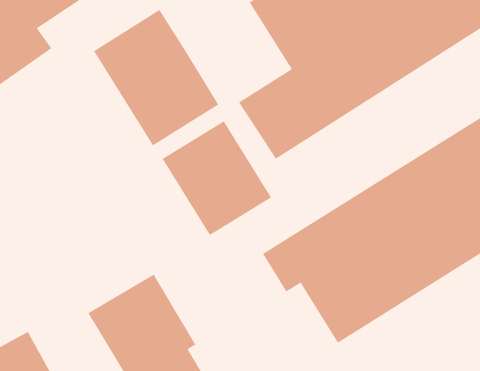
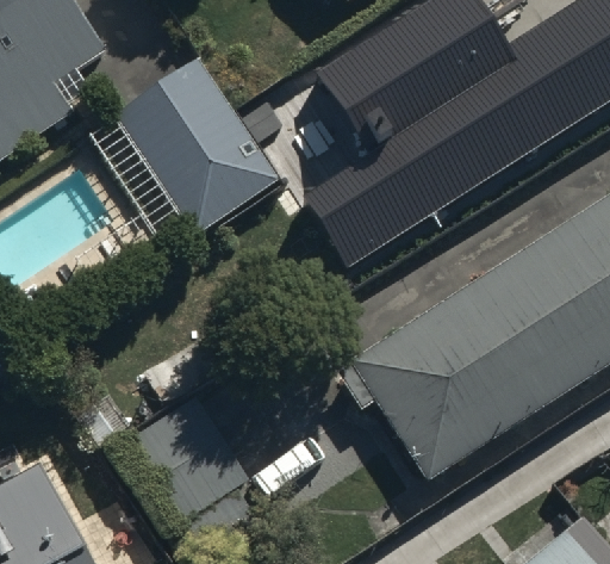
building: [162,121,272,236] -> none

